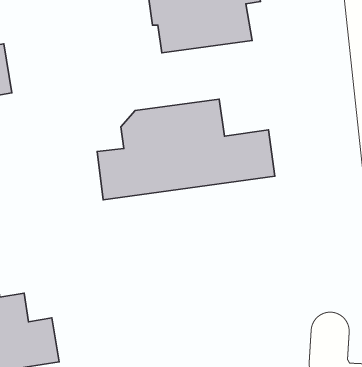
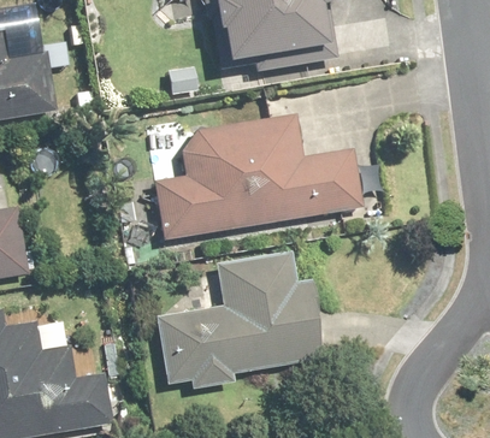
building: none -> [159,250,323,389]

